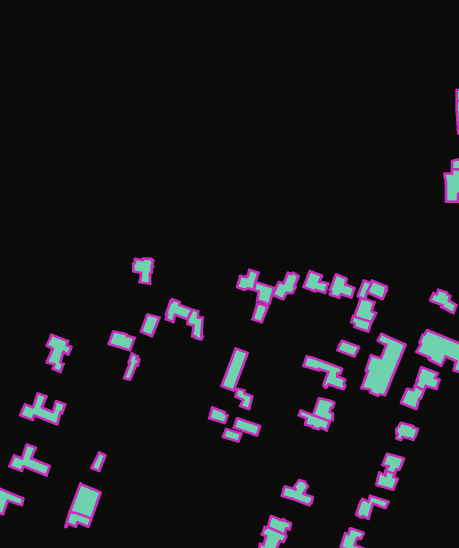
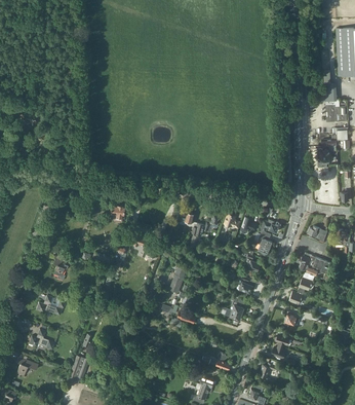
building: [362,334,405,396] -> none

